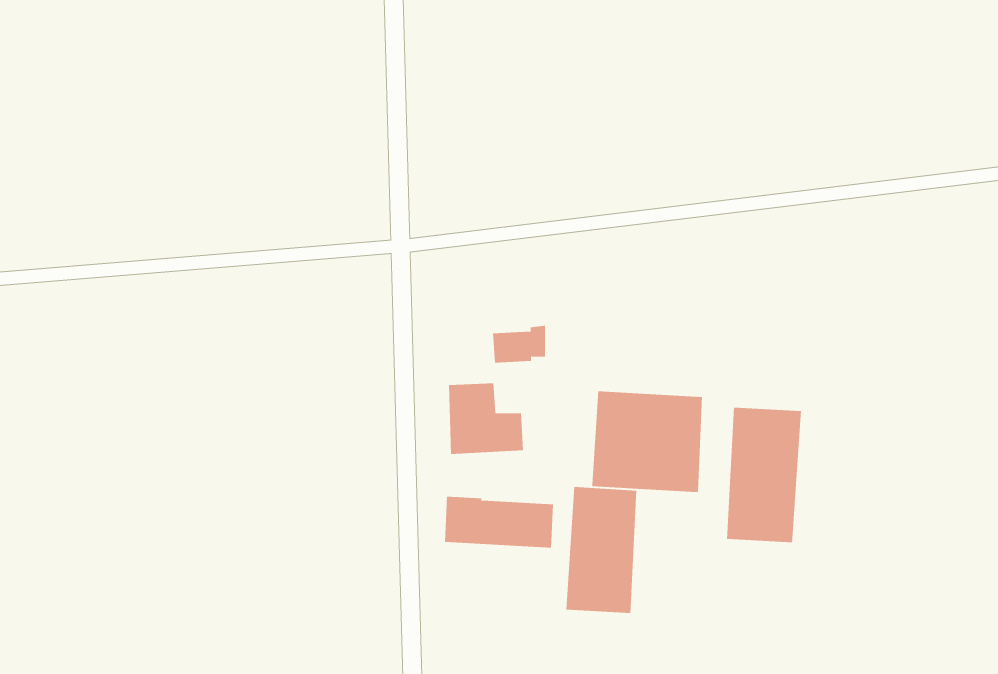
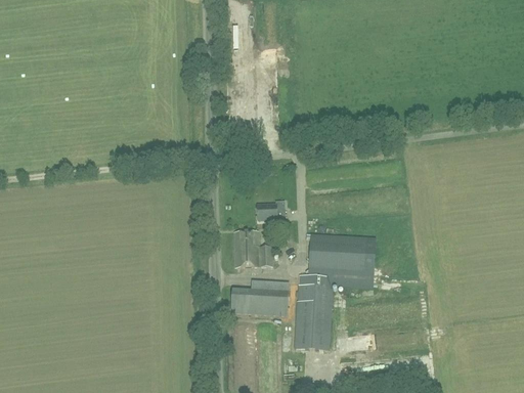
building: [726,407,802,543] -> none

